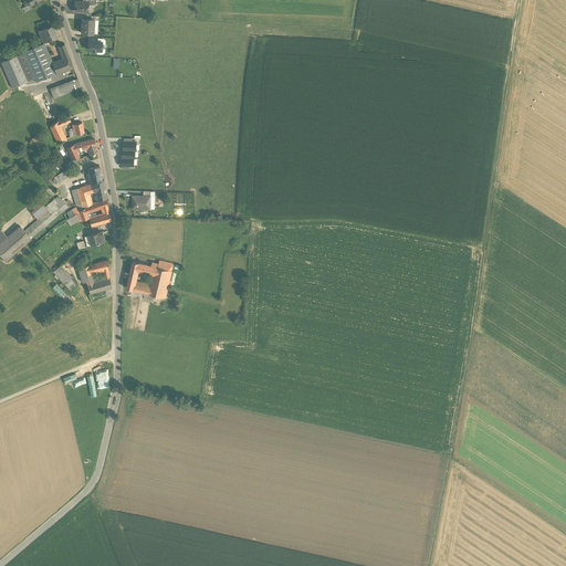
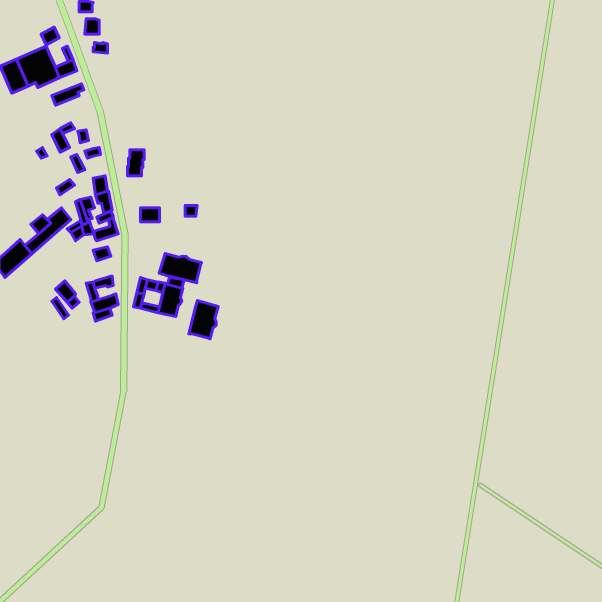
building: none -> [159,254,202,283]
building: none -> [189,300,218,339]

